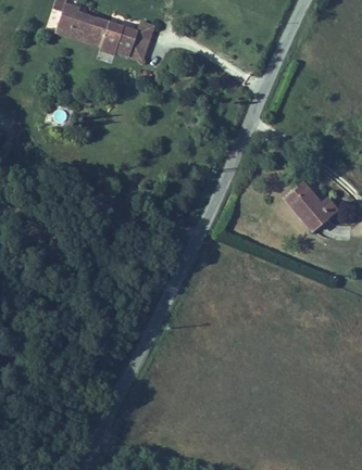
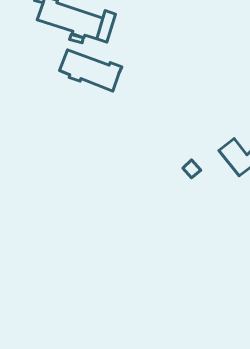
building: none -> [60,50,122,91]

